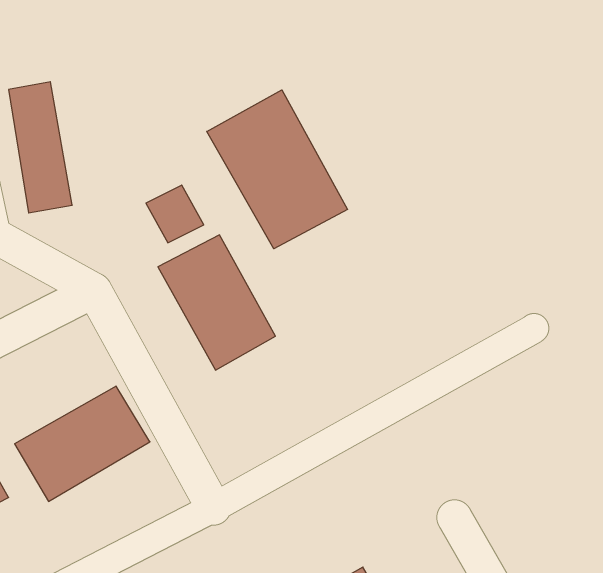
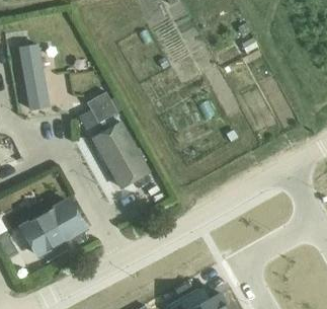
building: [207,90,348,249] -> none

